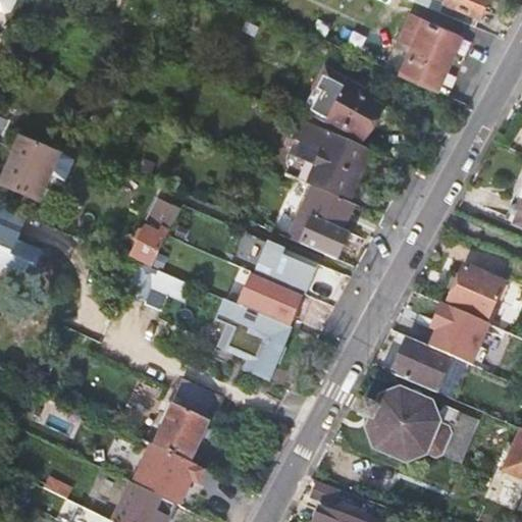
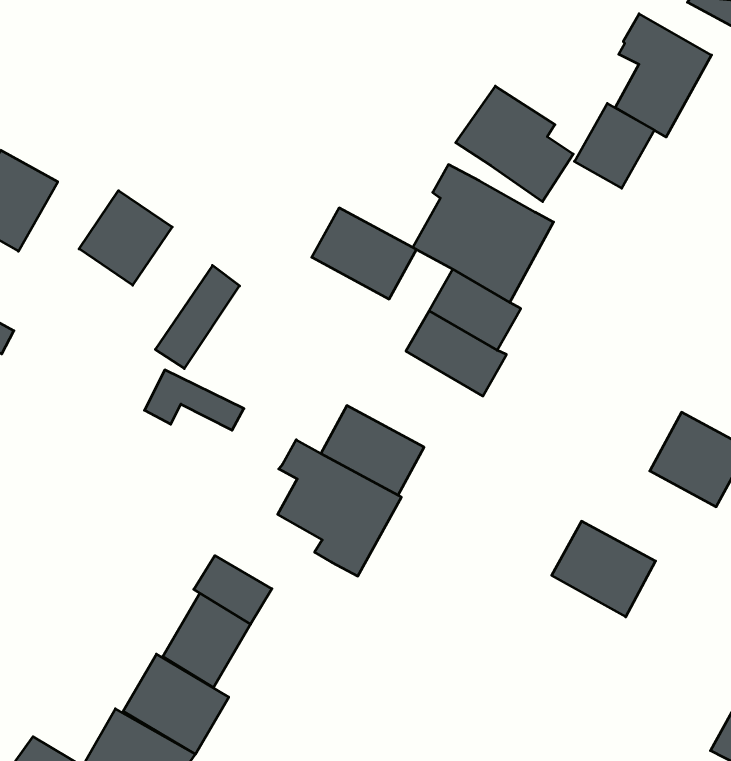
building: none -> [574,103,655,188]
building: none -> [79,191,172,285]
building: [253,245,318,299] -> [312,208,417,299]
building: [426,301,492,361] -> none
building: [357,389,479,467] -> none

